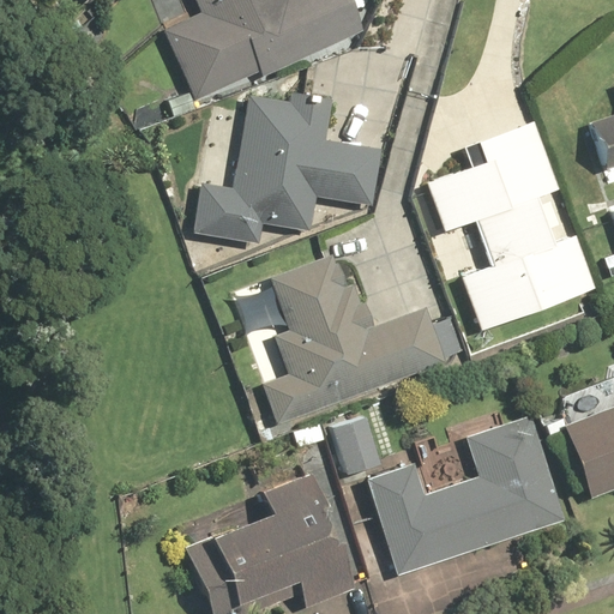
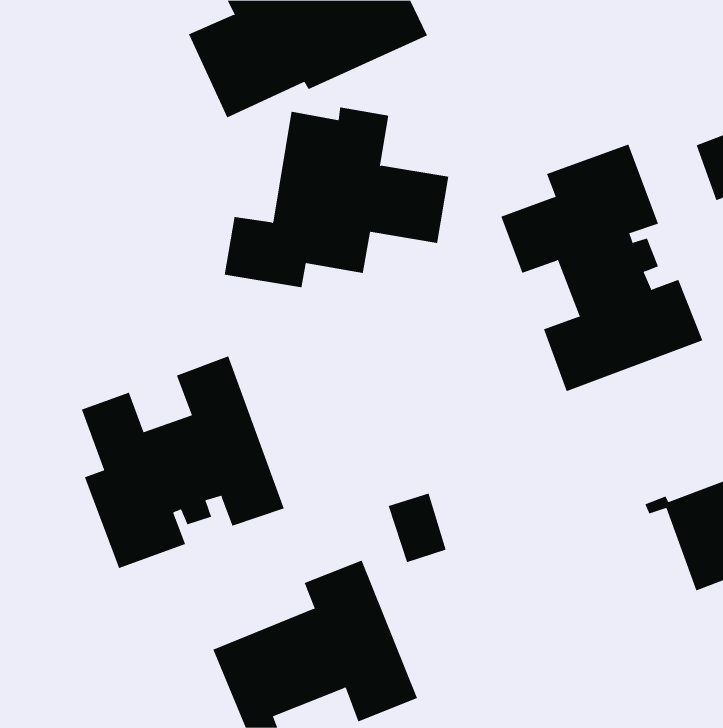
building: [263,253,446,423] -> none
building: none -> [81,355,285,569]
building: [365,414,566,574] -> none

